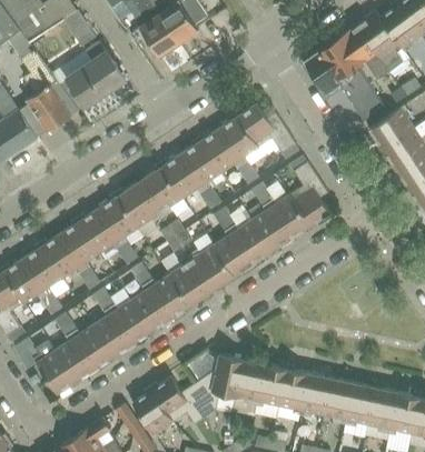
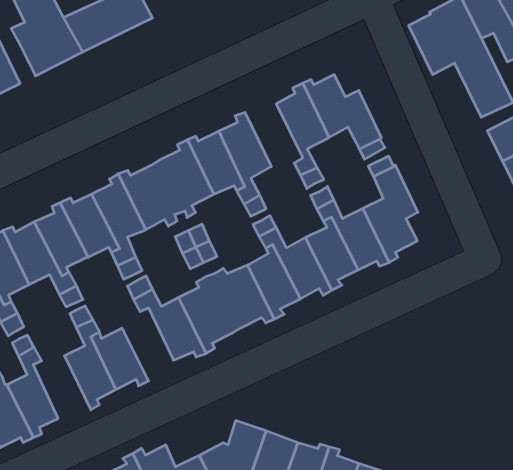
building: [198,129,243,173] -> none
building: [131,283,170,334] -> none
building: [72,324,117,369] -> none

